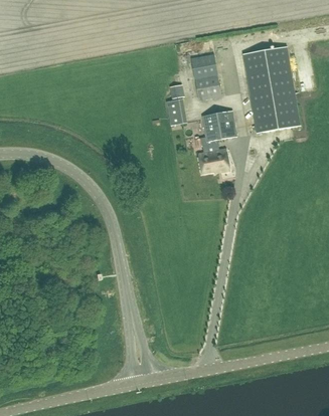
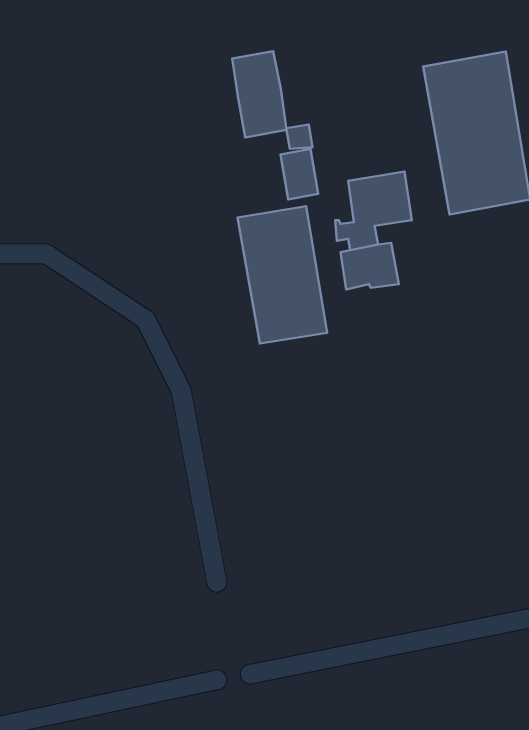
building: [191,53,220,99] -> [232,51,286,137]
building: none -> [237,206,327,343]

